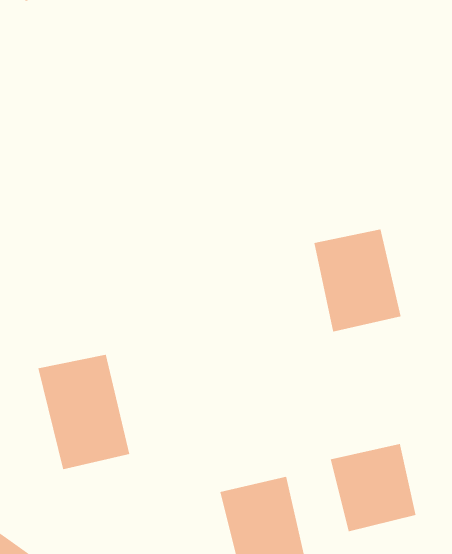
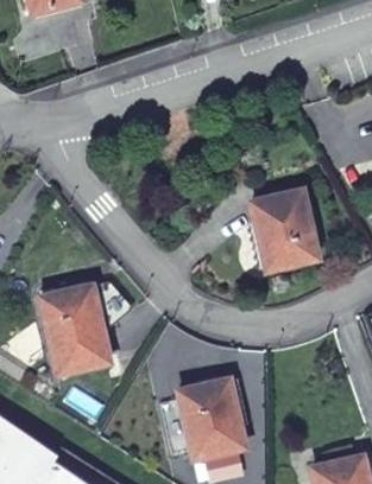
building: [330,443,416,532] -> none

